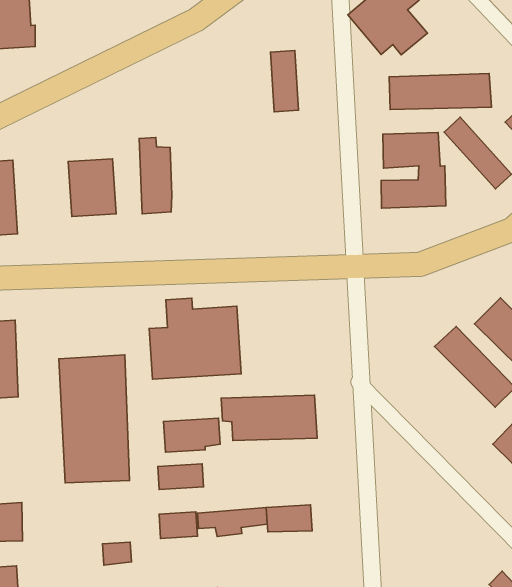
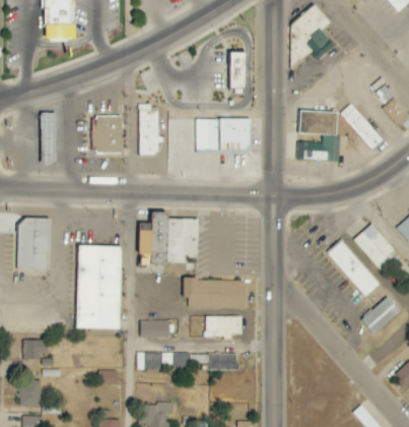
building: [389,73,491,109] -> none
building: none -> [196,118,251,151]
building: [164,418,220,452] -> [205,316,242,337]

